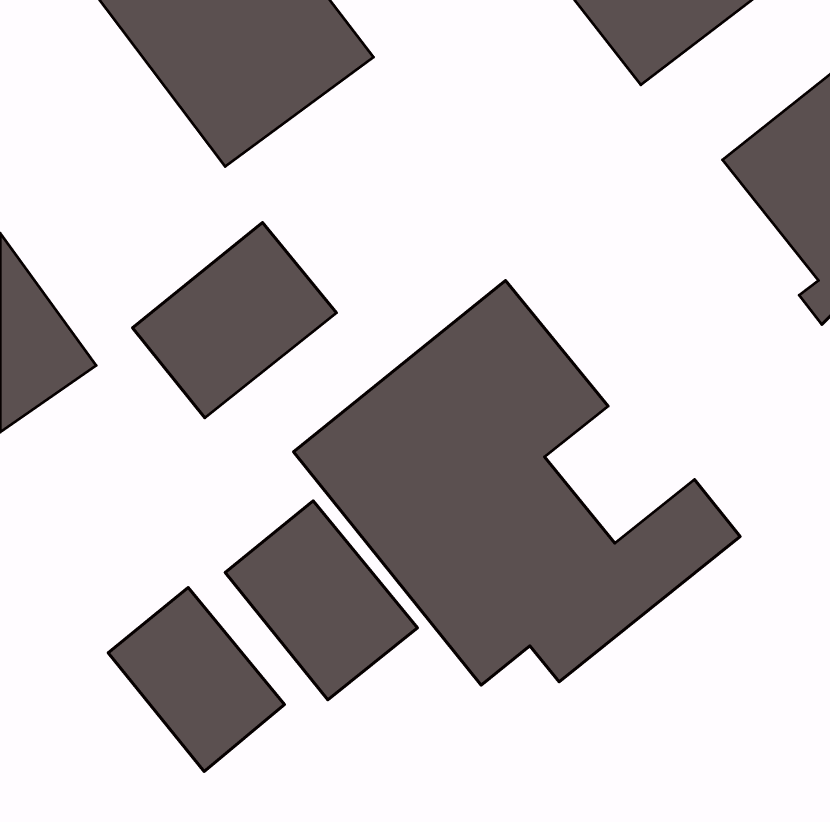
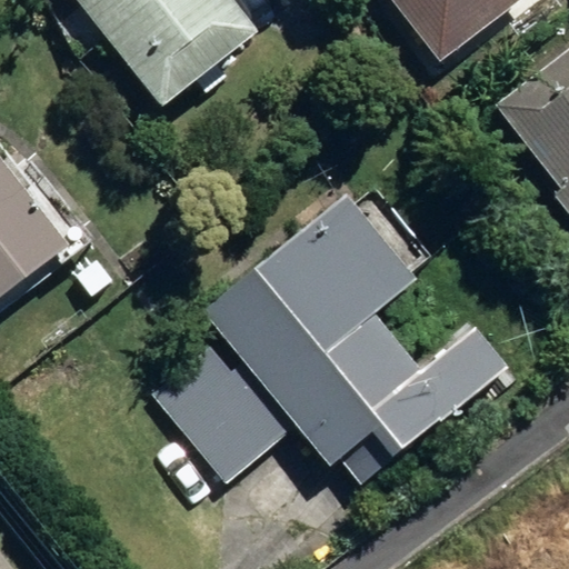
building: [132,222,337,418] -> none
building: [108,587,285,771] -> none

